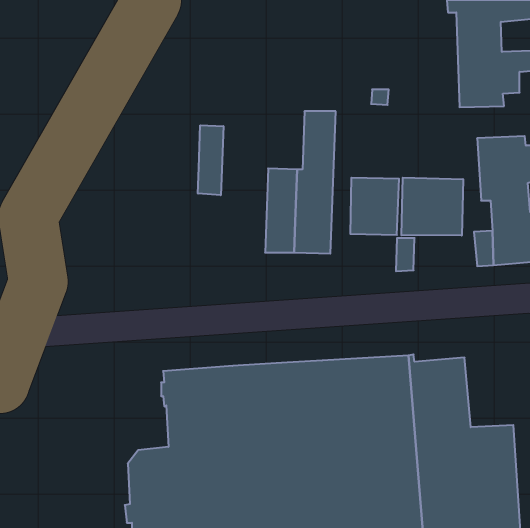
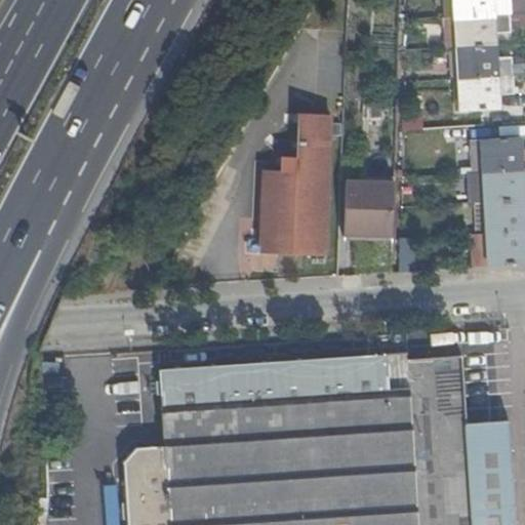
building: [198,125,223,195] -> none
building: [401,178,463,236] -> none

